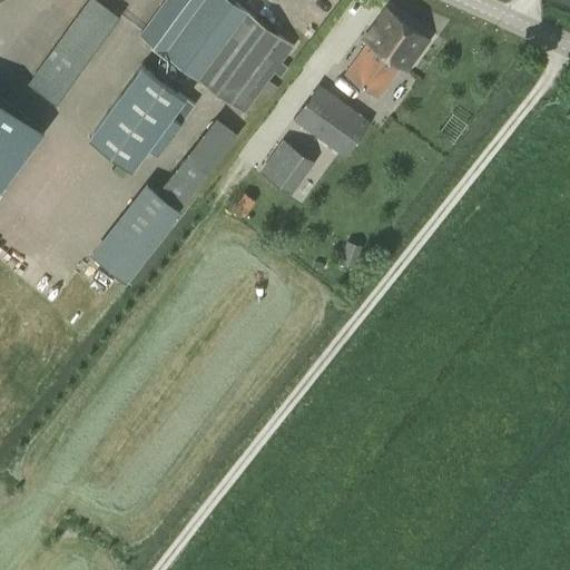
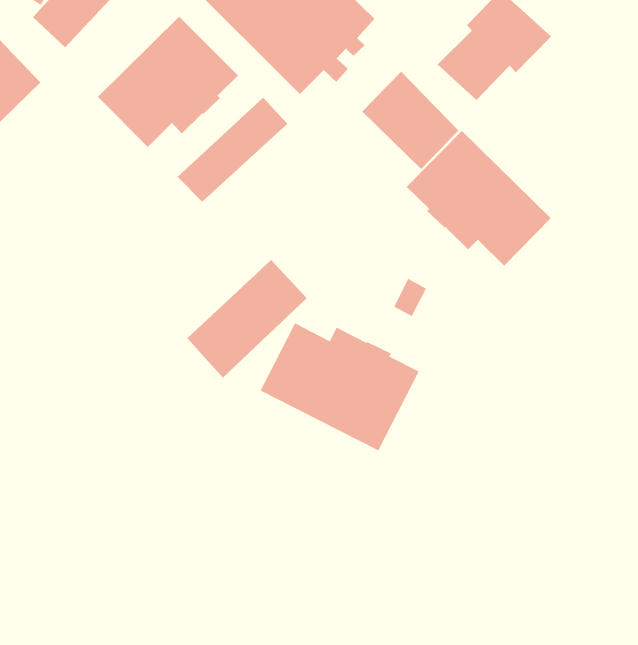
building: none -> [406,130,552,266]
building: [259,140,315,195] -> none
building: [91,185,179,282] -> [187,259,308,379]
building: none -> [260,323,420,451]

